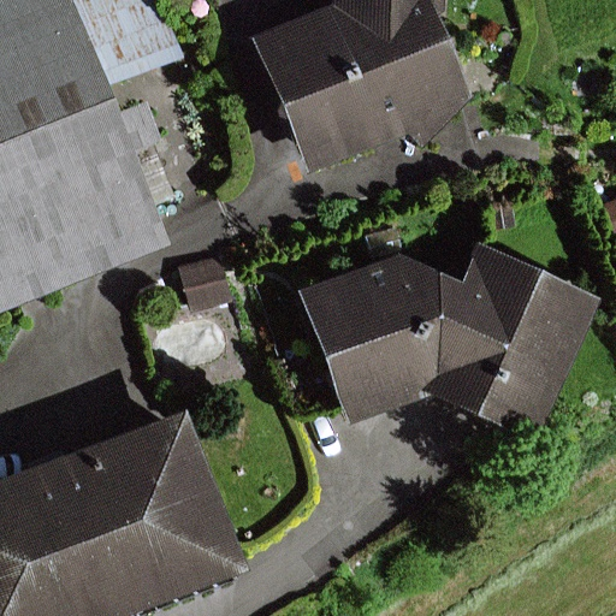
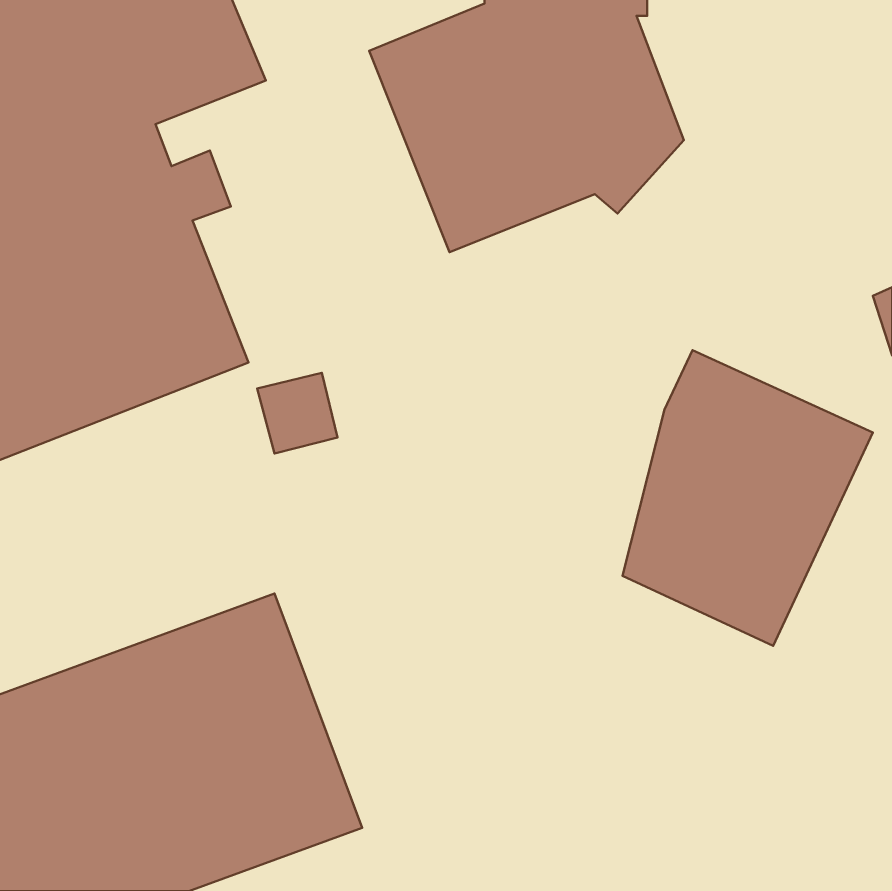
building: [297,254,457,426] -> none

